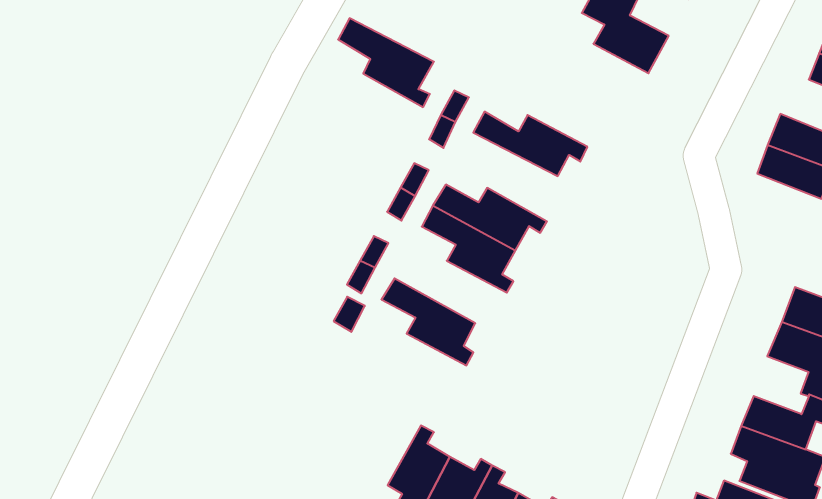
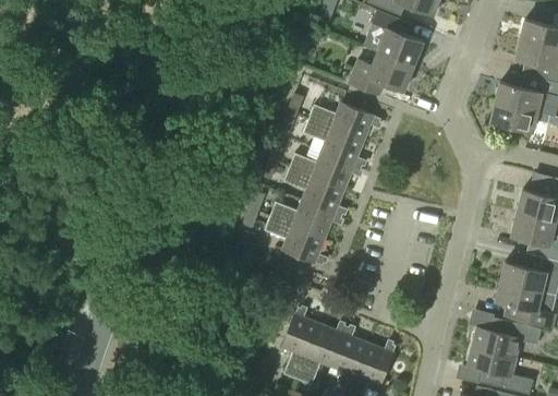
building: [338,18,434,107] -> [303,118,365,168]
building: none -> [347,52,414,93]
building: none -> [270,201,342,238]

